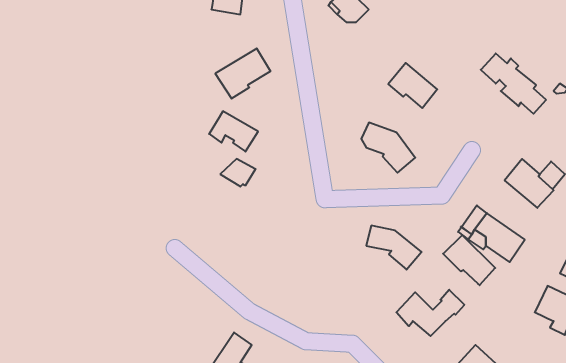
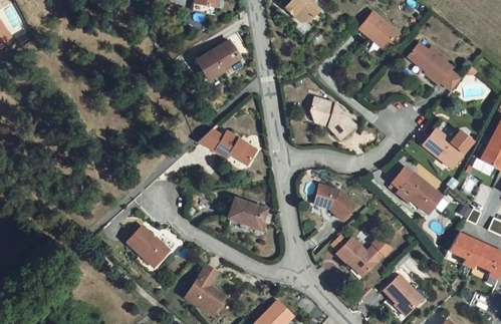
building: [388,63,437,108] -> [355,13,395,49]
building: [209,111,258,152] -> [217,131,256,164]
building: [443,235,495,285] -> none
building: none -> [228,201,268,228]
building: none -> [129,228,171,270]

